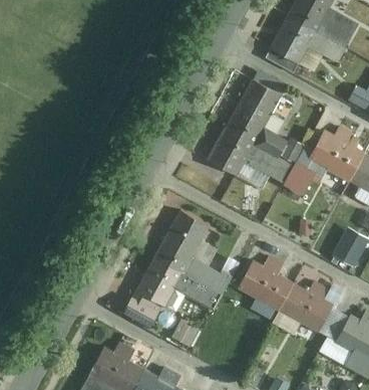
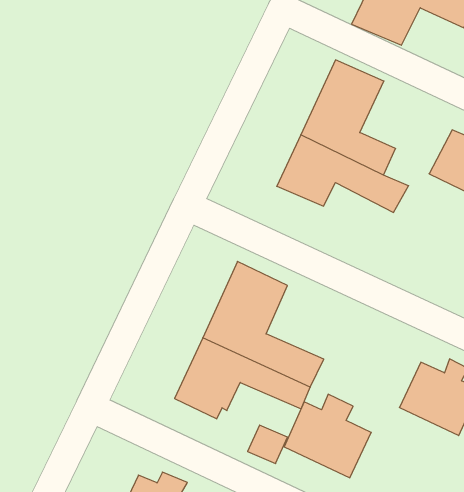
building: [290,160,320,193] -> none
building: [237,256,295,313] -> [284,394,371,478]
building: [121,298,157,328] -> none

